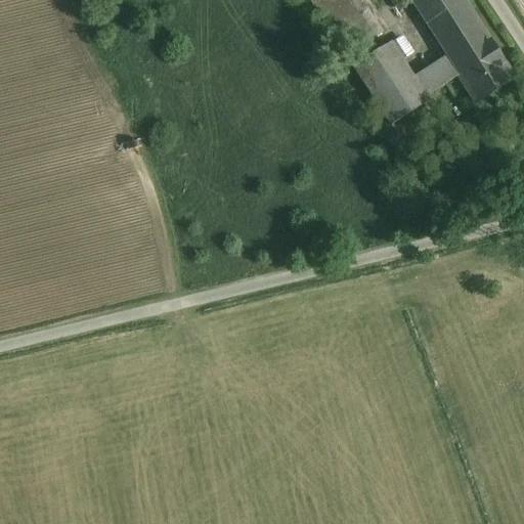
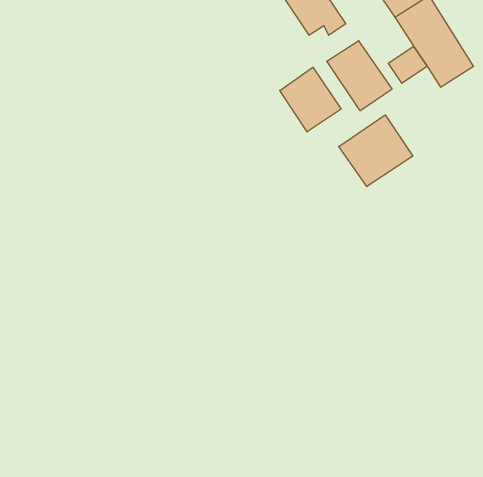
building: none -> [280,67,341,132]
building: none -> [339,115,413,187]

